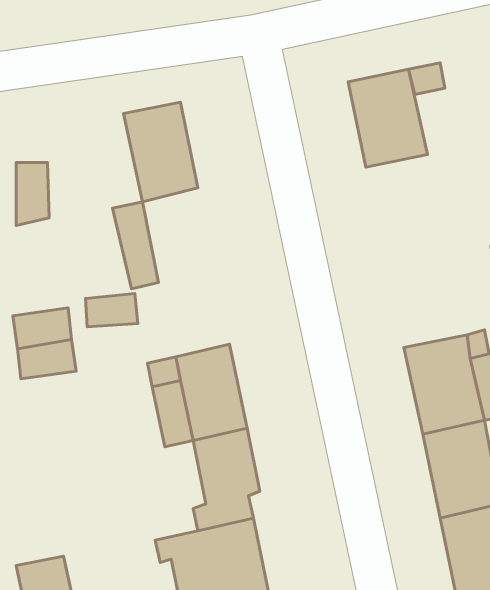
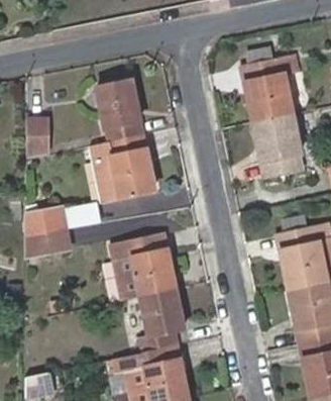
building: none -> [250,112,301,175]
building: none -> [108,133,153,194]

